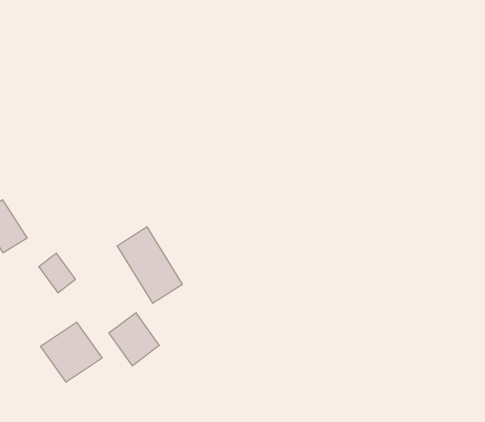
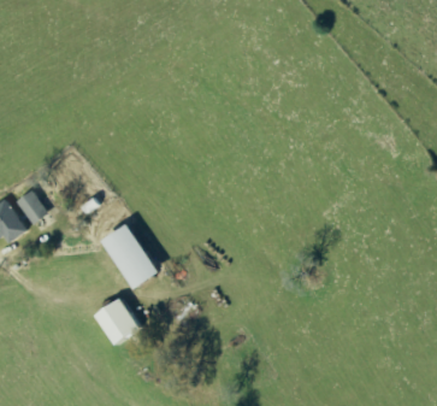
building: [39,253,75,293] -> [14,190,47,225]
building: [41,322,102,382] -> none

